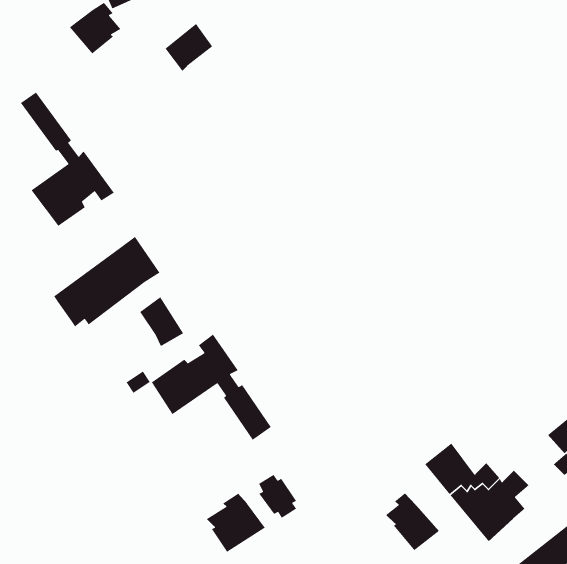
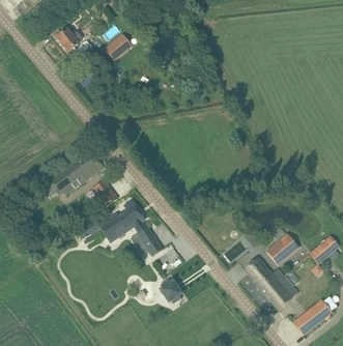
building: [20,91,115,227] -> none
building: none -> [266,234,298,265]
building: [385,493,440,551] -> none
building: [206,493,266,553] -> none

